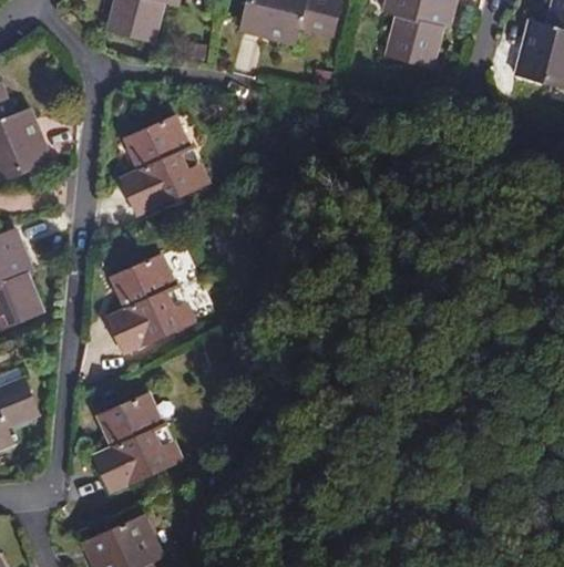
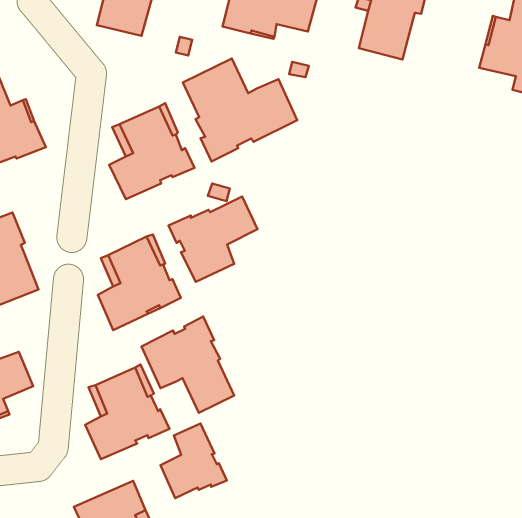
building: none -> [183,59,297,162]
building: none -> [168,197,258,282]
building: none -> [142,316,234,413]
building: none -> [160,424,227,498]

